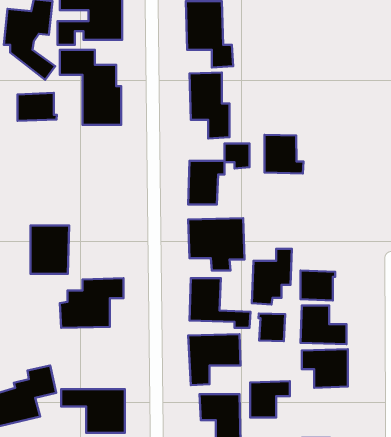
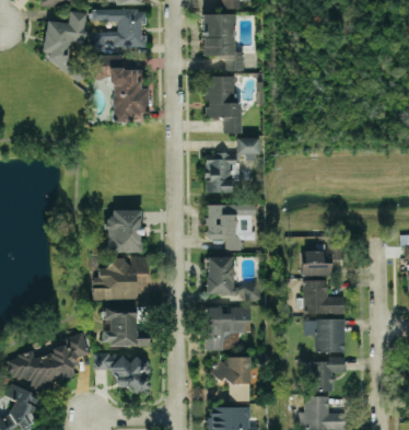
building: [17,93,57,121] -> none
building: [264,135,303,174] -> none
building: [31,225,69,274] -> [108,210,142,253]
building: [252,249,292,304] -> none
building: [258,313,285,341] -> none
building: none -> [103,306,151,347]
building: [250,381,290,417] -> [311,360,346,392]

